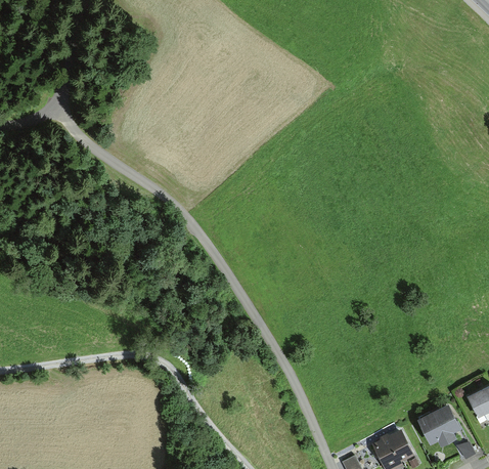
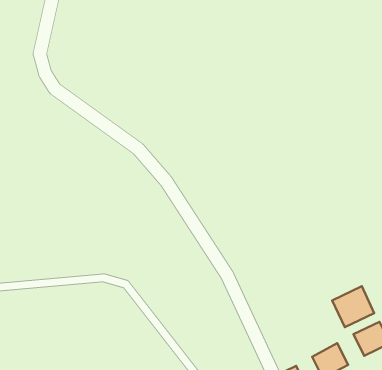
building: none -> [332,286,374,327]

